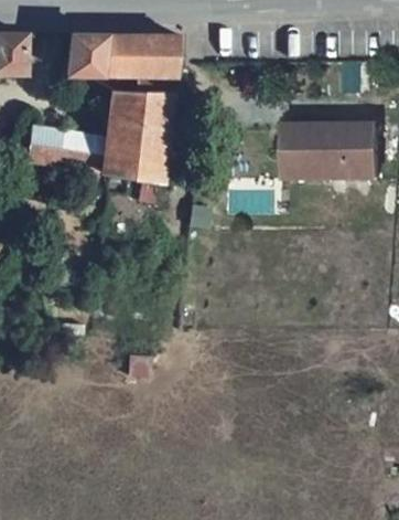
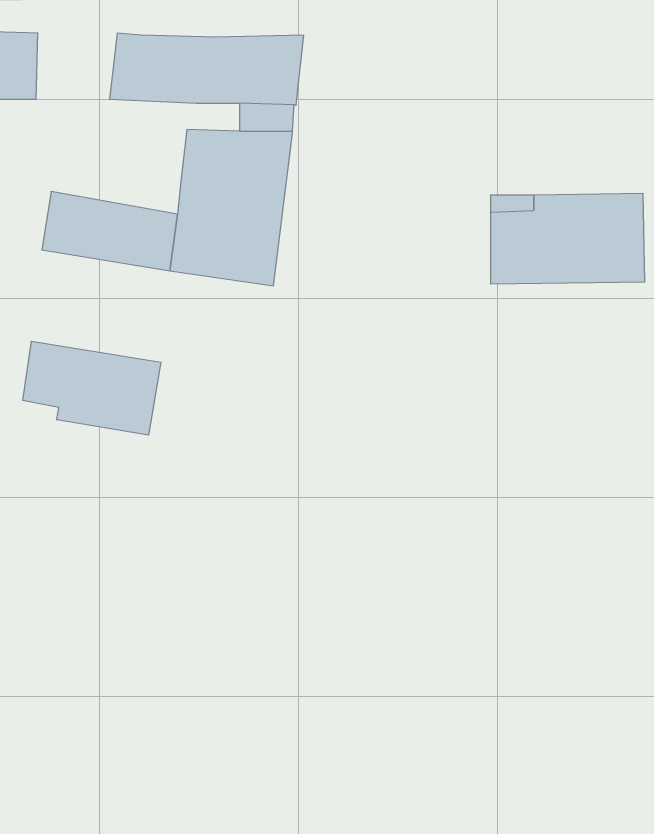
building: none -> [23,341,161,435]

